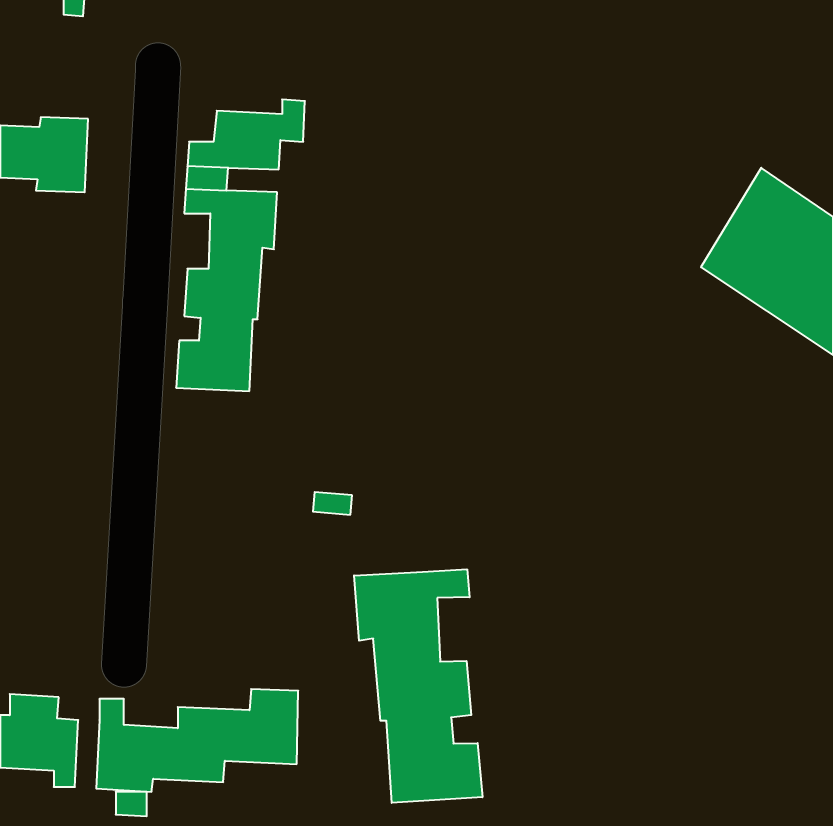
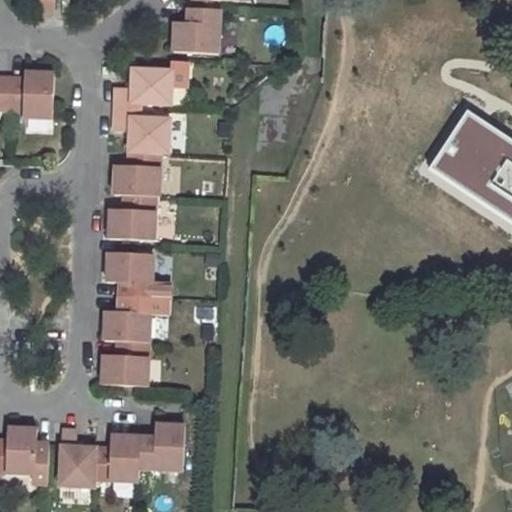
building: none -> [173,8,220,54]
building: none -> [100,252,169,385]
building: [354,569,482,803] -> none

